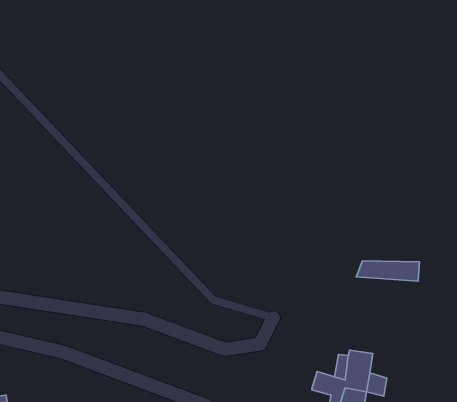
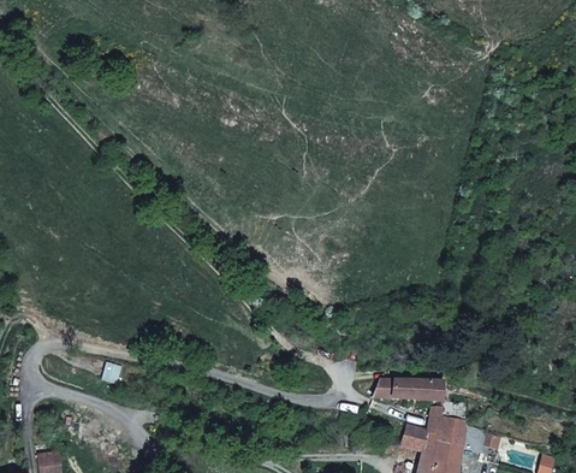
building: [356,261,419,281] -> [373,379,444,402]

